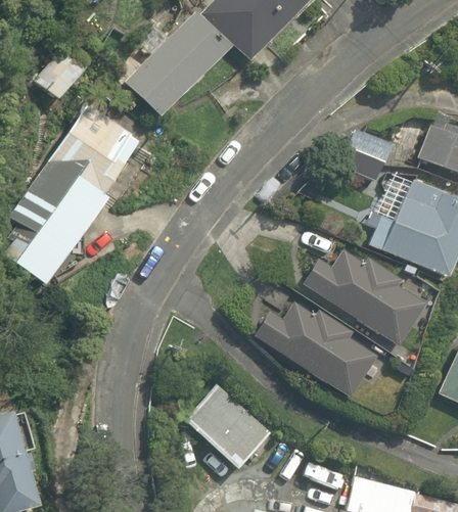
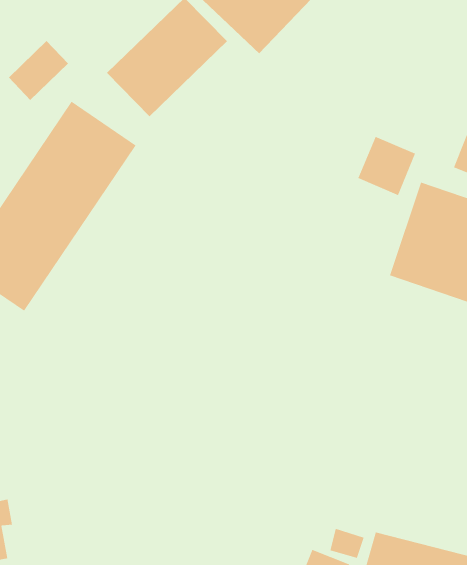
building: [302,245,424,347] -> none
building: [254,297,379,401] -> none
building: [184,383,269,468] -> none

